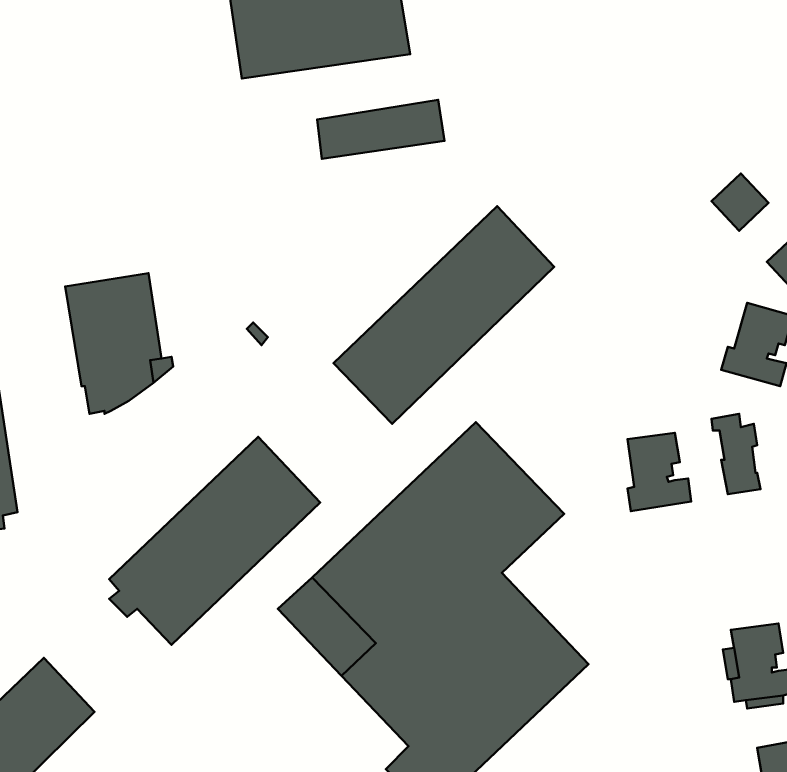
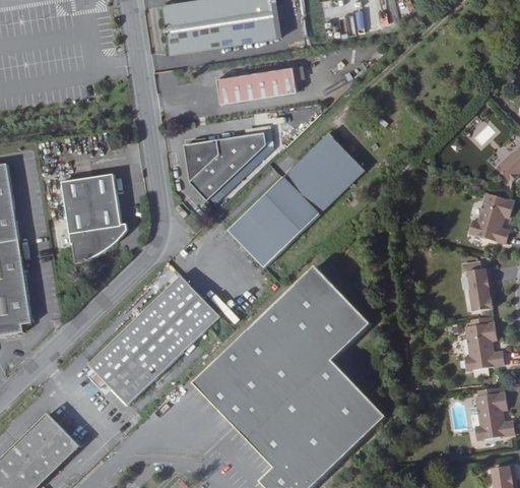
building: none -> [184,132,265,200]
building: [627,433,691,511] -> [464,322,504,371]

